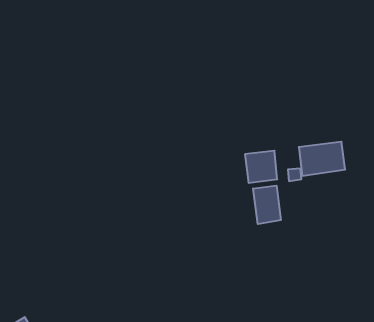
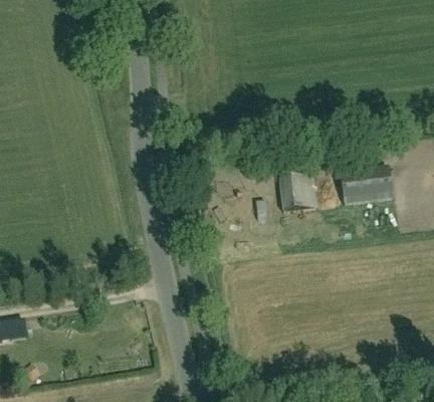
building: [253,186,281,224] -> none

